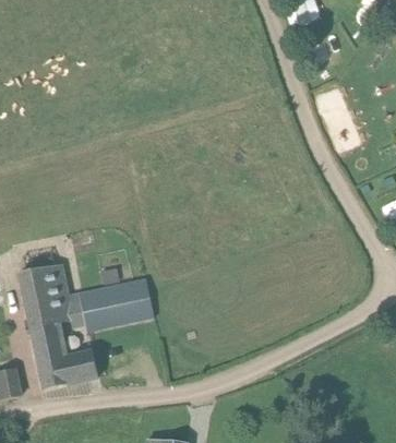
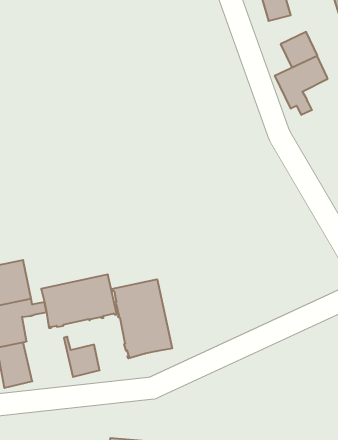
building: none -> [275,56,327,115]
building: none -> [112,279,172,358]
building: [61,343,96,382] -> [64,337,100,377]

